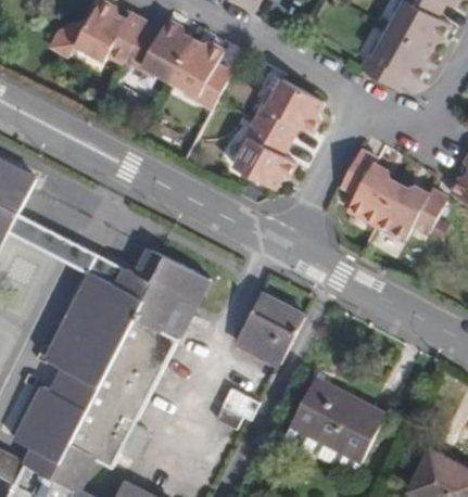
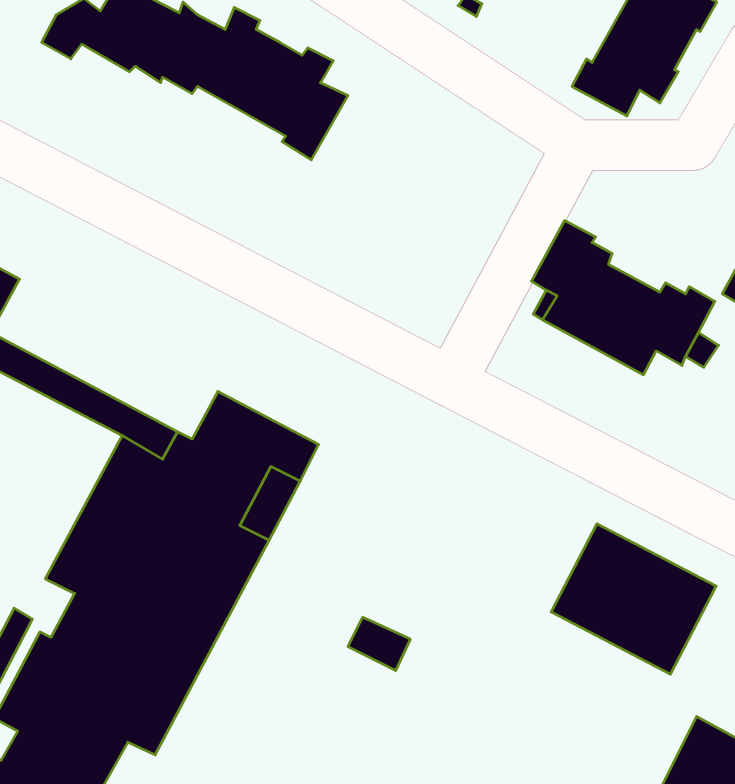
building: [230,77,321,189] -> none
building: [235,292,305,366] -> none
building: [290,373,388,462] -> [551,524,716,674]

